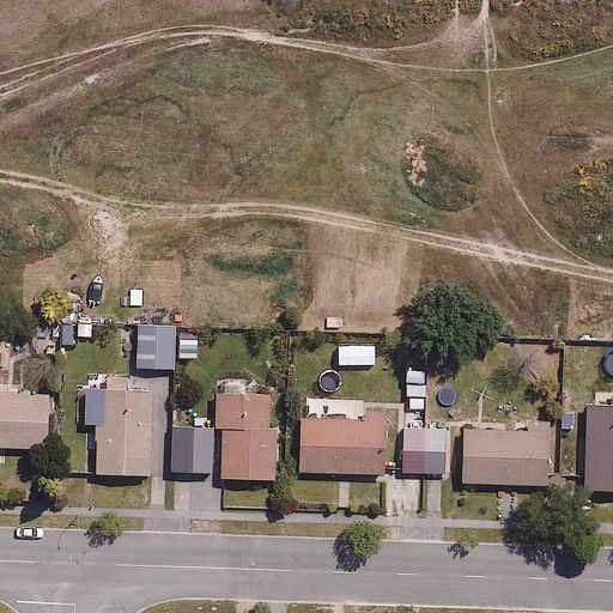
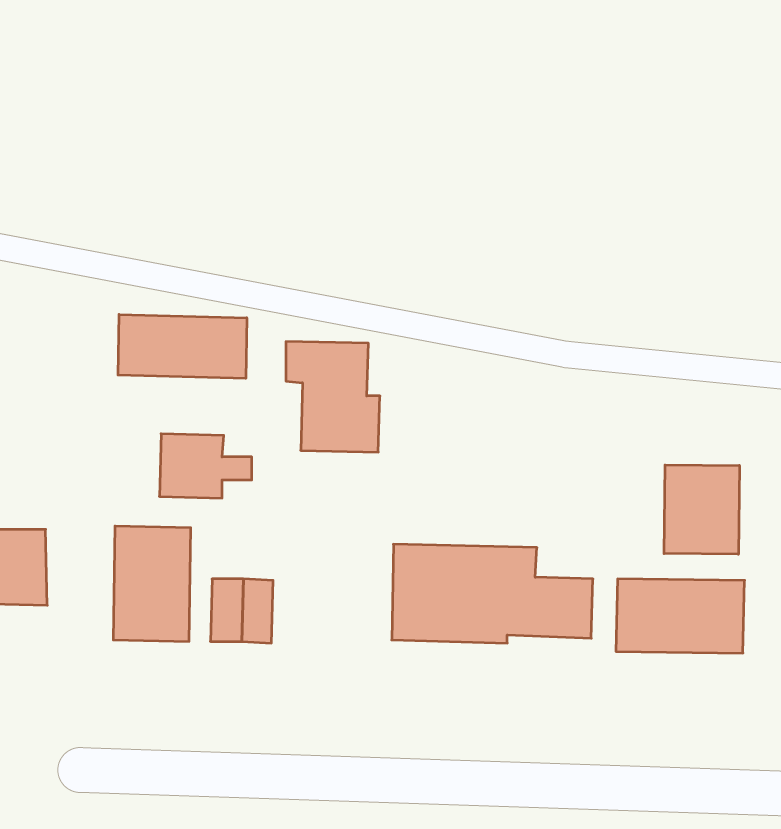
building: none -> [118,314,247,378]
building: none -> [664,465,739,554]
building: [211,395,279,475] -> [286,342,380,452]

